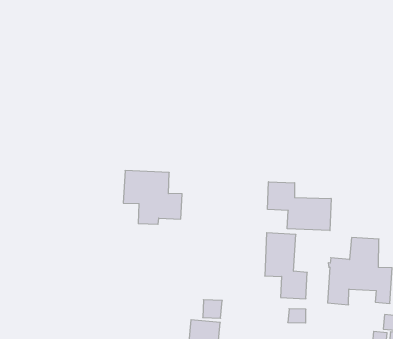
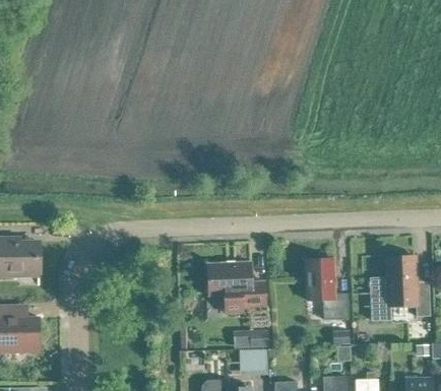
building: [123,171,182,224] -> [207,262,265,314]
building: [268,182,331,231] -> none

